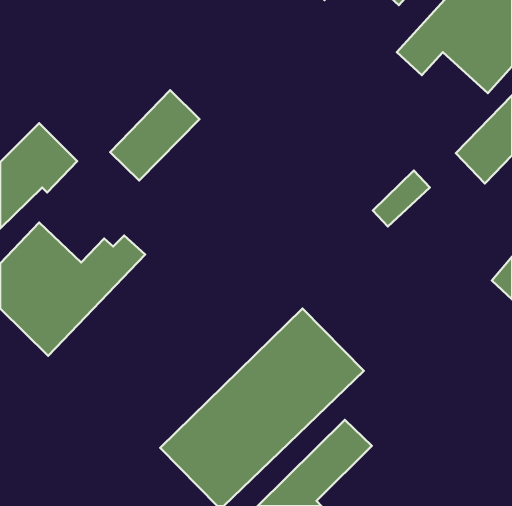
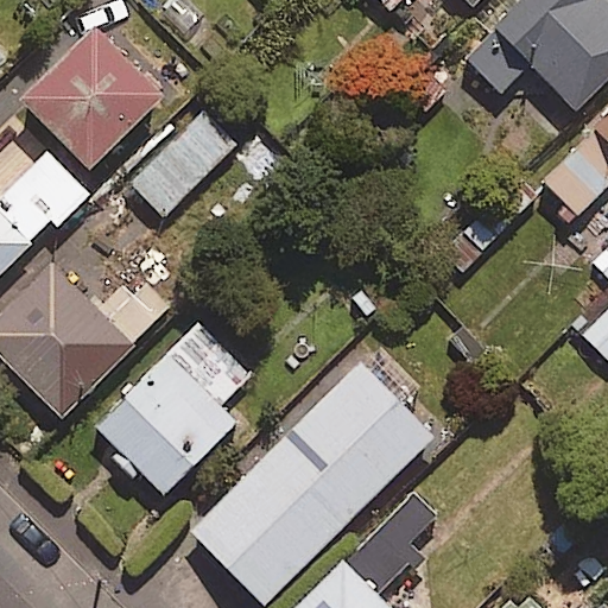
building: none -> [21,32,162,173]
building: none -> [93,310,259,495]

